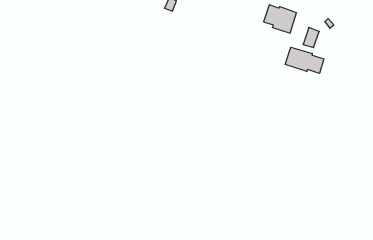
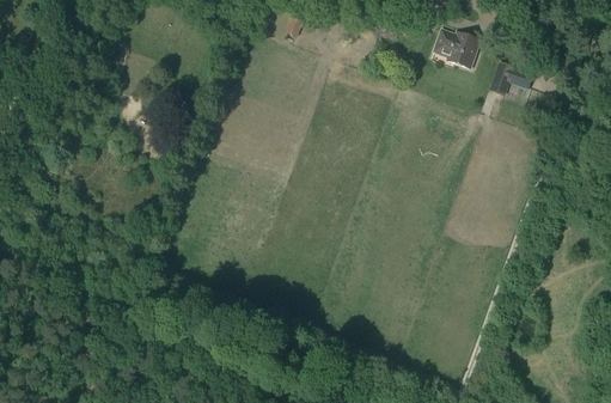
building: [285,47,324,73] -> none

